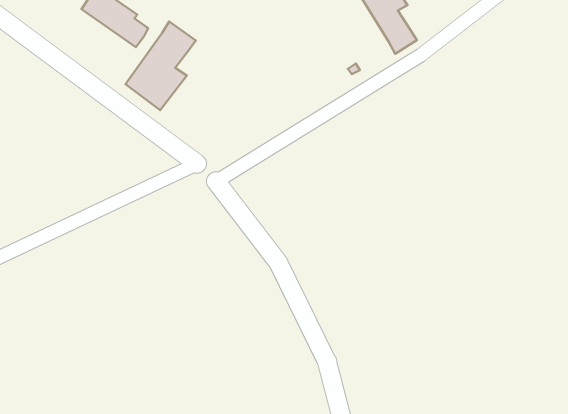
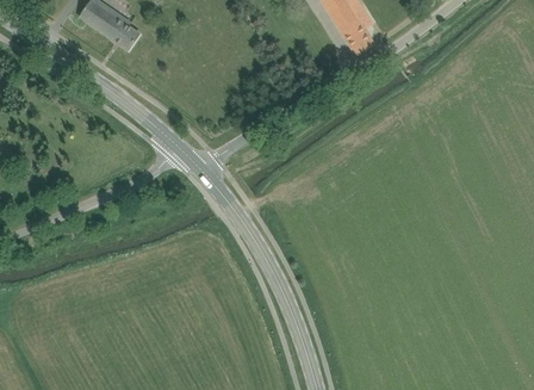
building: [126,22,196,110] -> none

